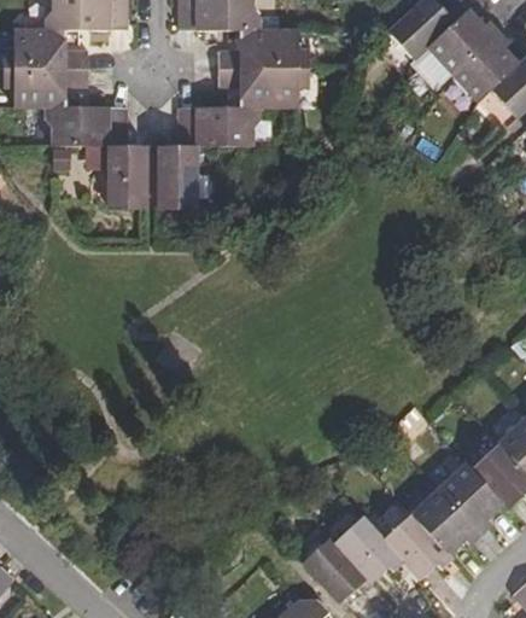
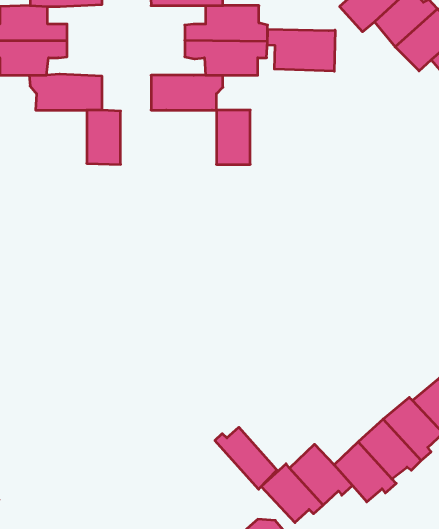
building: none -> [268,29,335,71]
building: [160,145,198,205] -> [216,110,250,164]
building: none -> [215,427,277,489]

